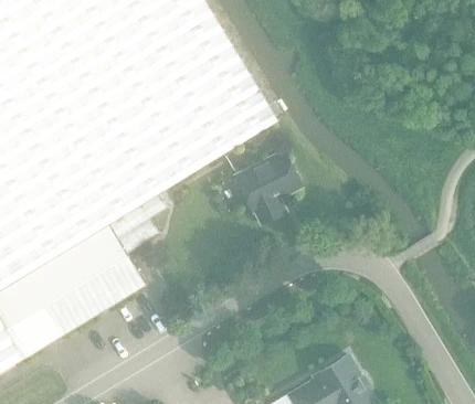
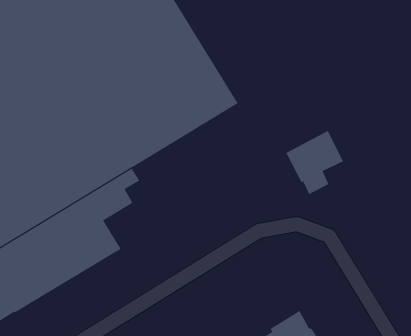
building: [235,151,302,224] -> [285,130,344,195]

